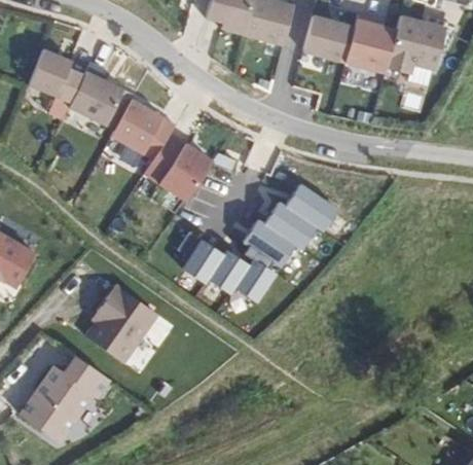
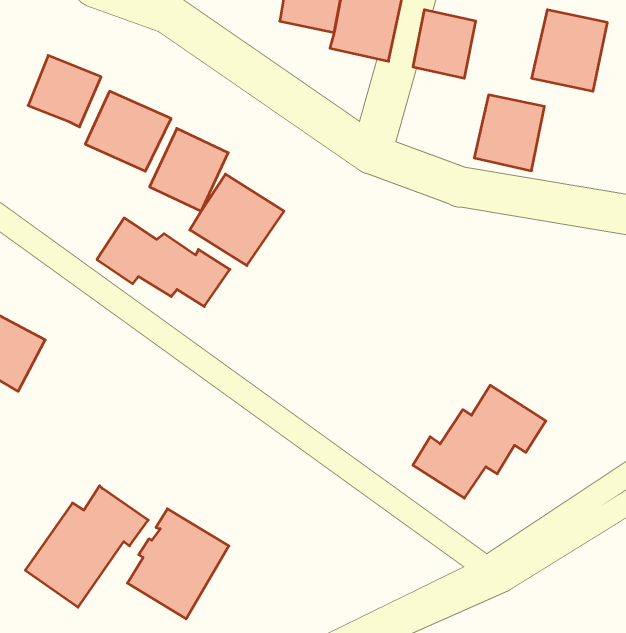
building: [343,21,394,75] -> [474,95,544,171]
building: [238,180,333,261] -> [413,385,546,498]
building: [174,235,269,298] -> [97,218,230,307]
building: [86,286,159,365] -> [127,509,229,619]

